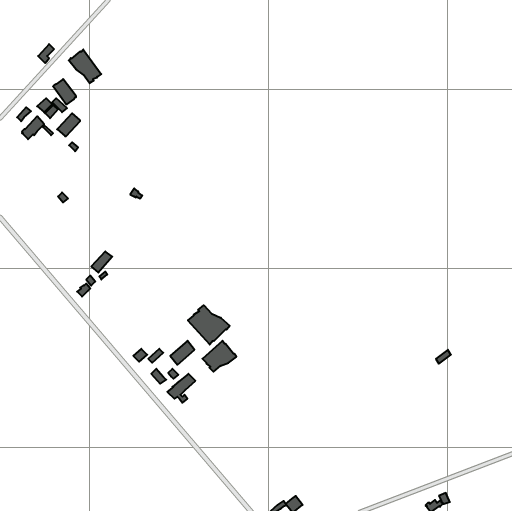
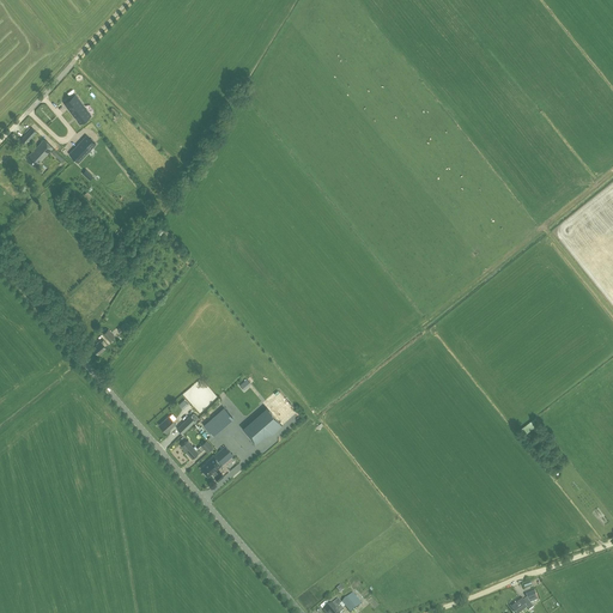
building: [69,49,101,83] -> none
building: [188,305,230,345] -> none

